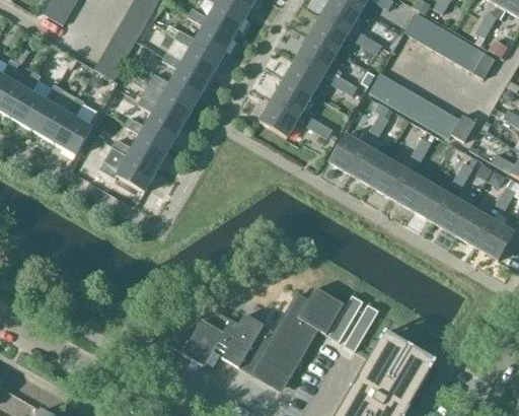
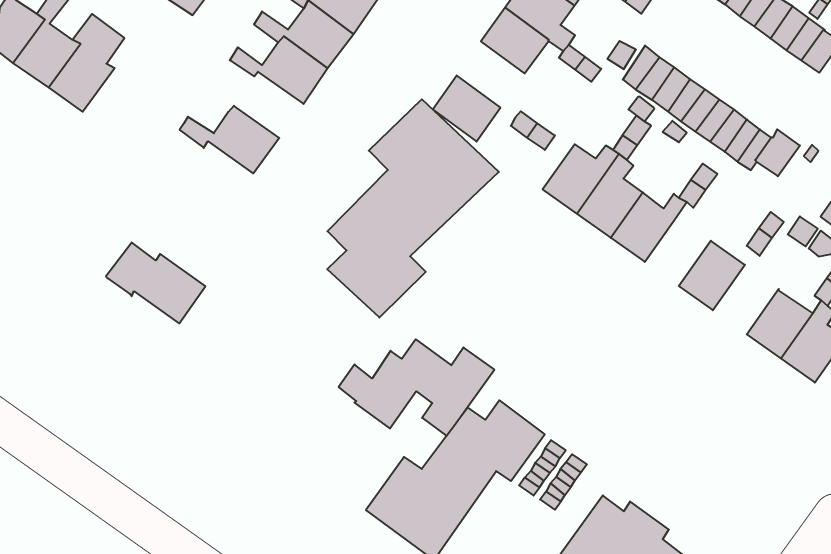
building: [272,78,311,116] -> none
building: [55,96,92,154] -> none
building: [125,109,183,146] -> none
building: none -> [327,99,499,318]
building: [99,147,158,192] -> [106,242,205,323]
building: [392,169,430,210] -> none
building: [435,194,472,234] -> none
building: [172,313,263,367] -> [339,339,494,436]

